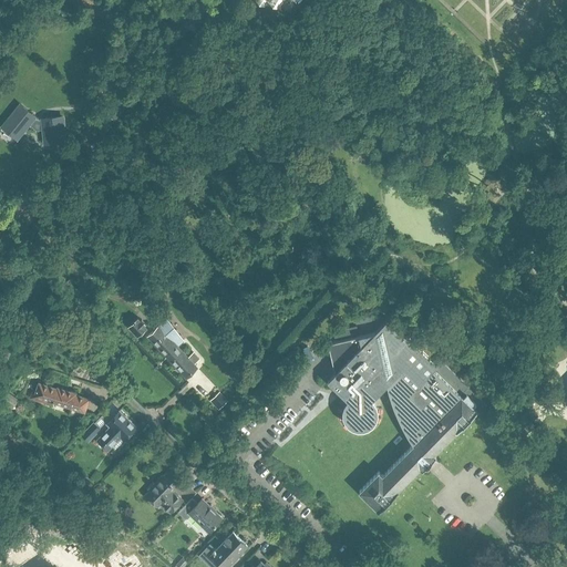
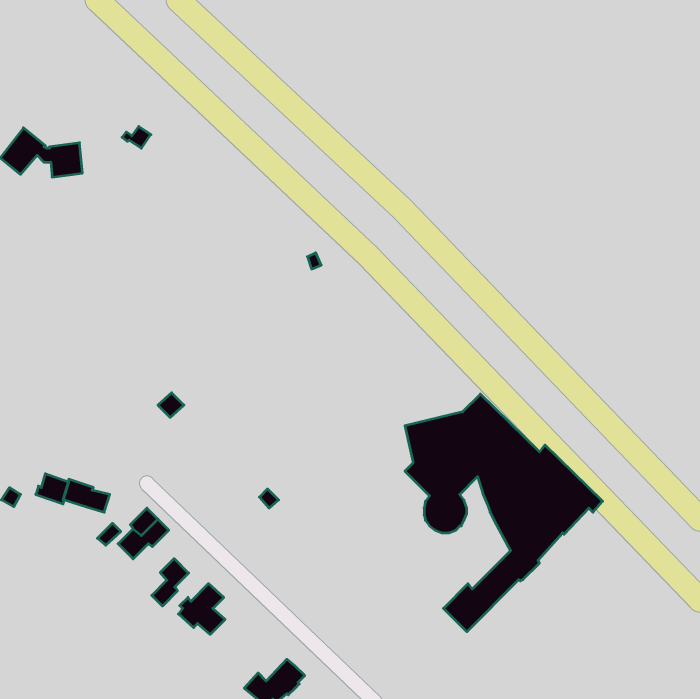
building: [146,320,198,381] -> none
building: none -> [152,559,189,606]
building: [177,501,221,535] -> none

